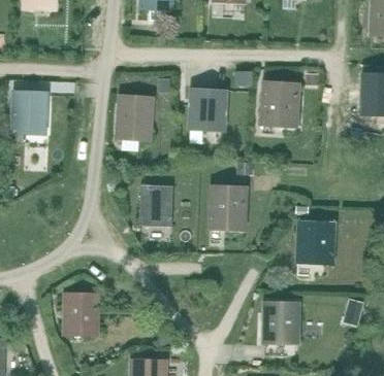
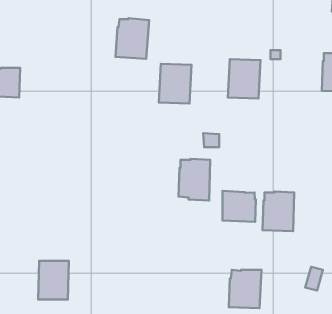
building: [118,97,153,139] -> [115,18,149,59]
building: [139,185,173,226] -> none
building: none -> [222,191,256,222]

